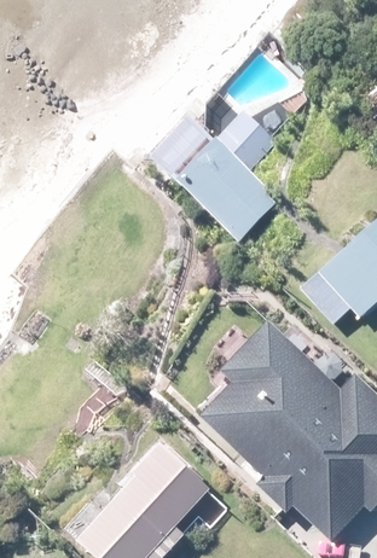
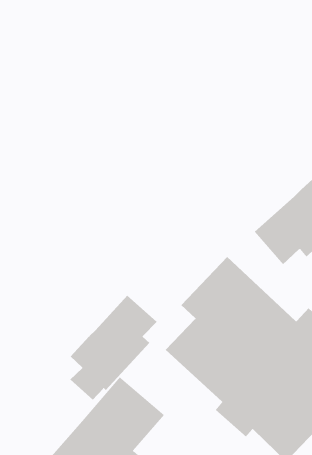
building: [150,110,279,242] -> none
building: none -> [70,295,157,400]

